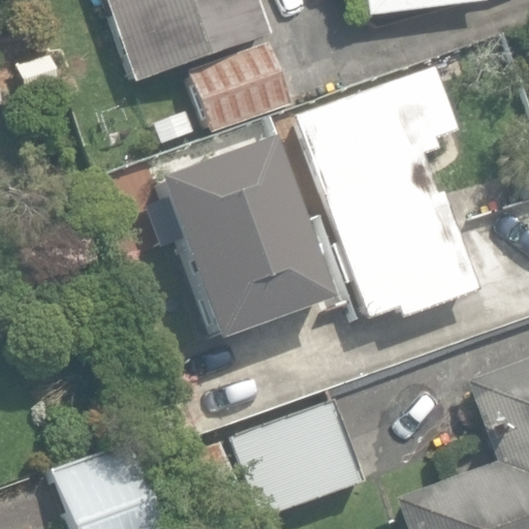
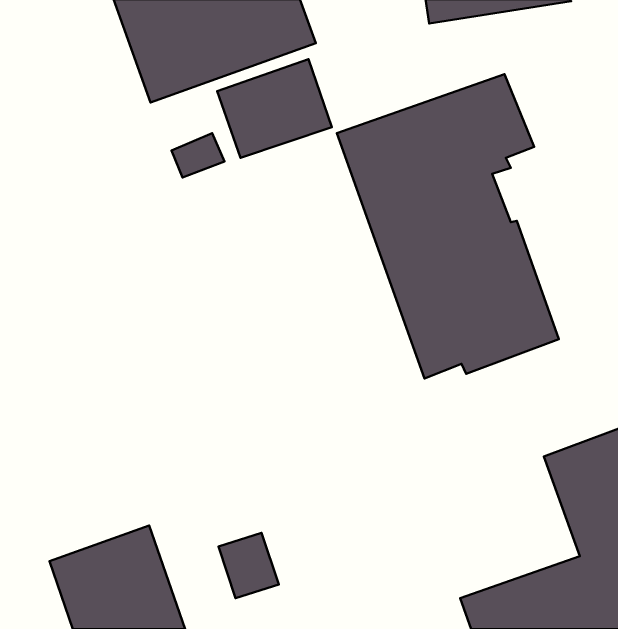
building: [155,132,330,336] -> none
building: [232,403,360,518] -> none

